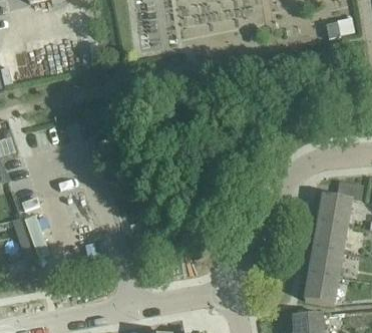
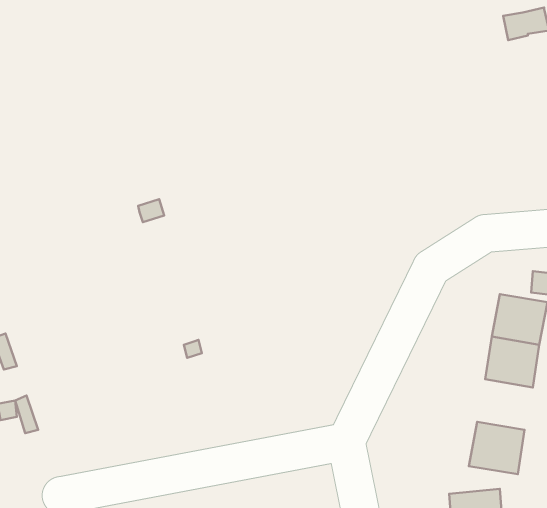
building: [310,246,344,277] -> none

